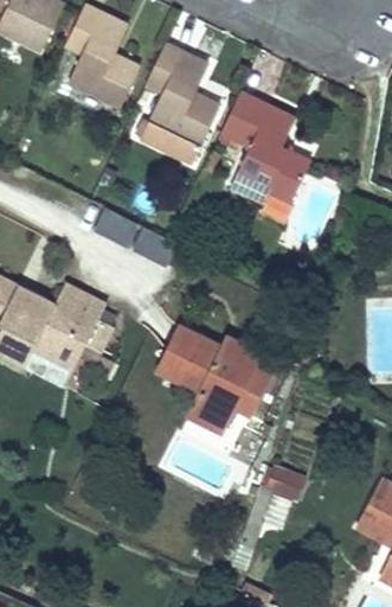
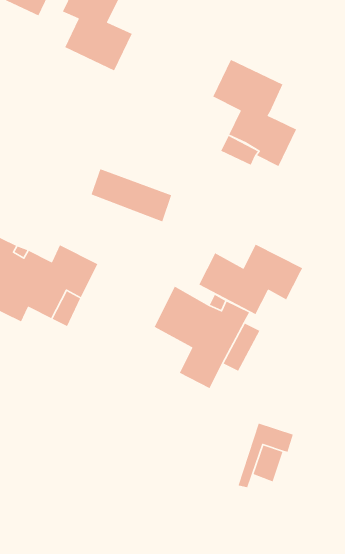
building: [137,43,219,164] -> none
building: none -> [198,244,303,315]

